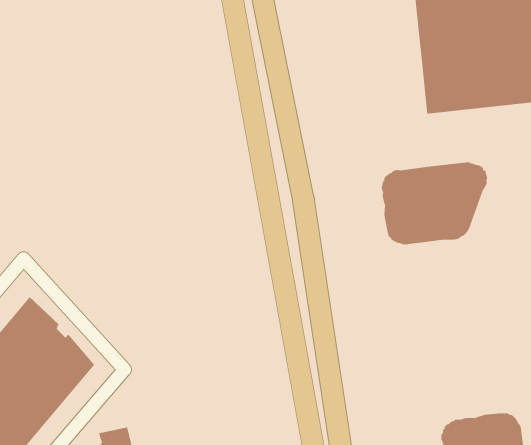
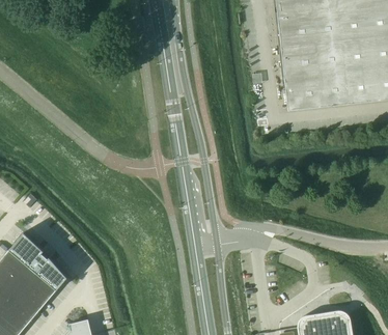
building: [381,162,488,245] -> none

